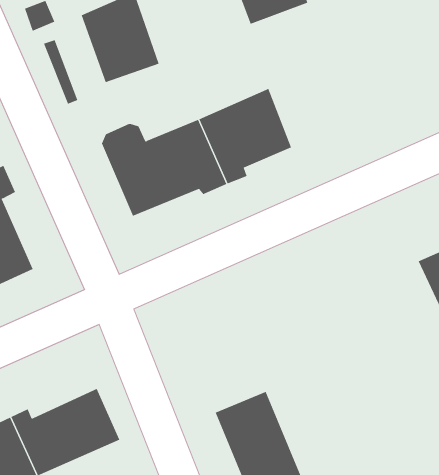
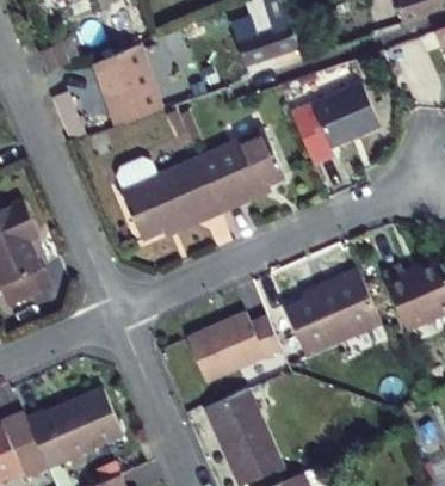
building: none -> [286,80,372,159]
building: none -> [289,275,384,363]
building: none -> [187,315,282,385]

